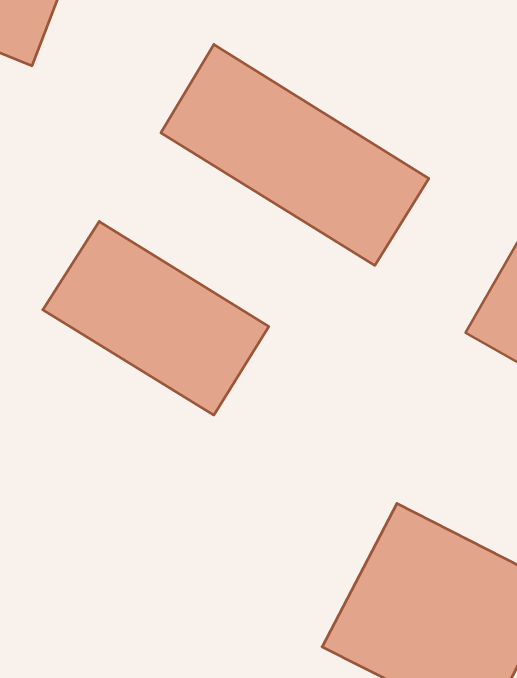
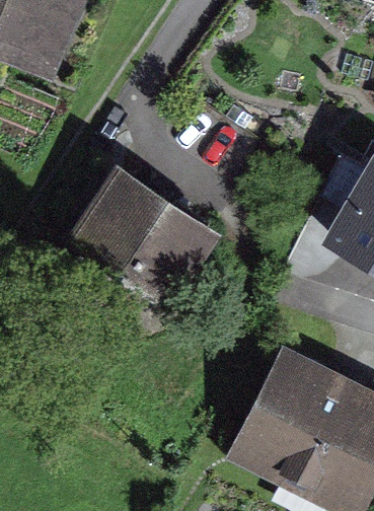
building: [161,44,429,265] -> none

